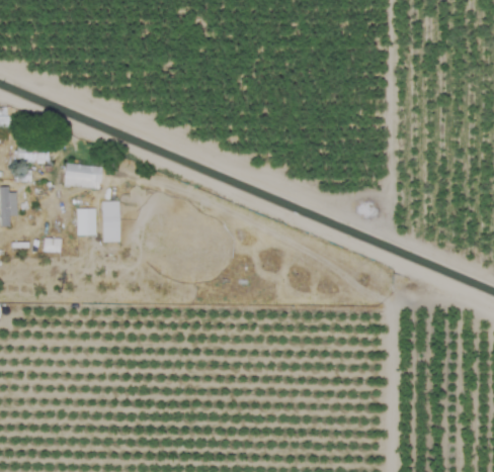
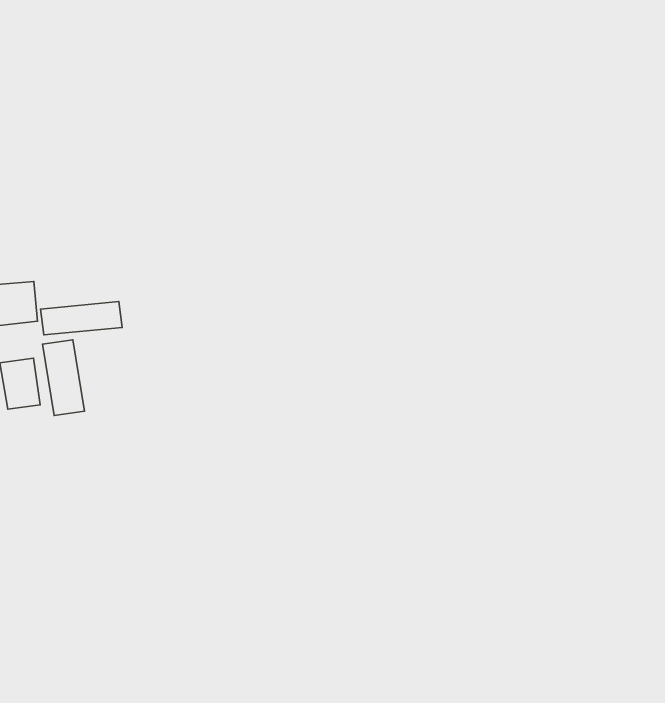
building: none -> [41,302,122,335]

